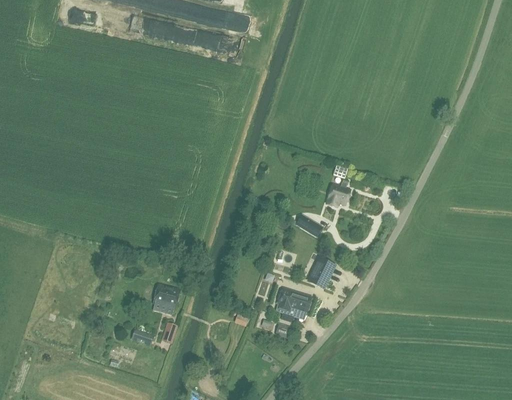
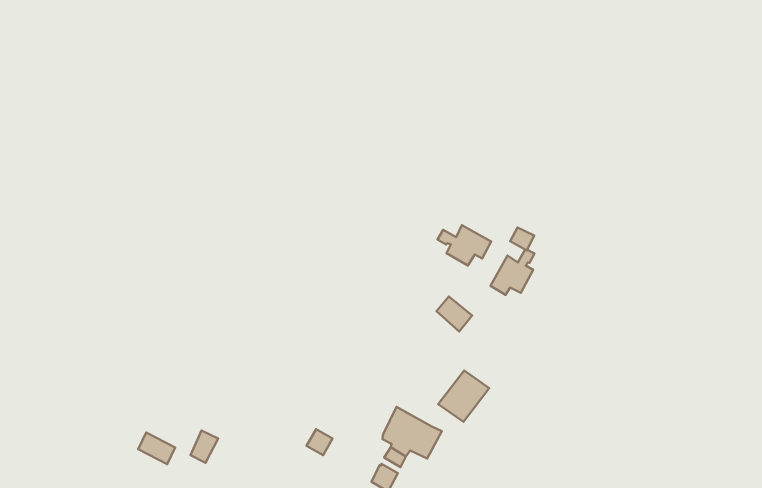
building: none -> [438,225,491,266]
building: [152,284,180,315] -> none

